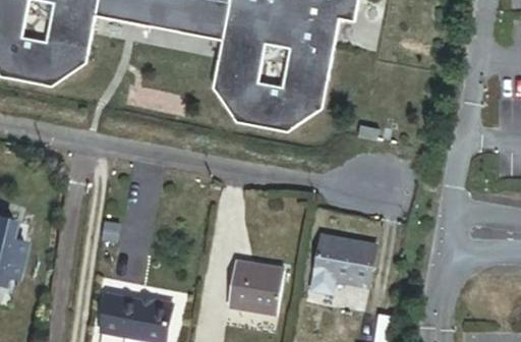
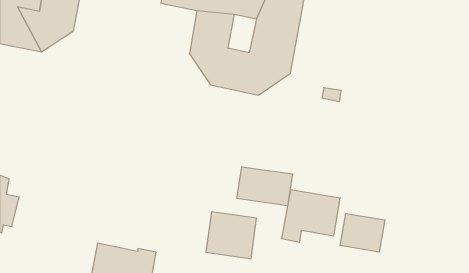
building: none -> [237,167,292,206]
building: none -> [340,213,385,252]

